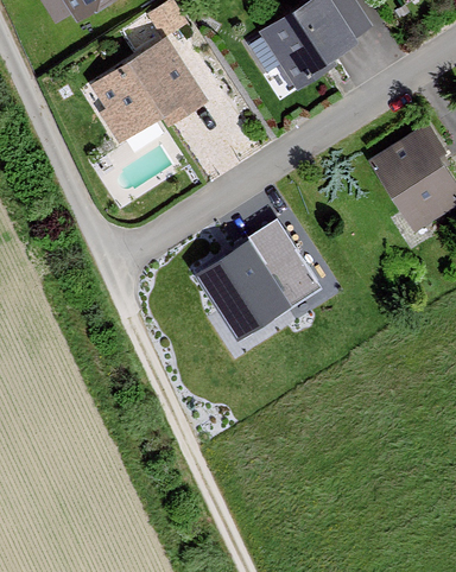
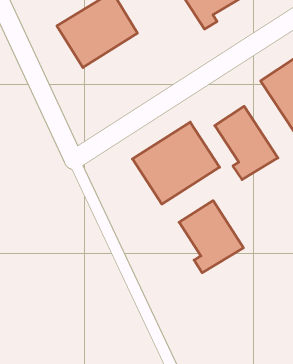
building: none -> [215,106,278,180]
building: none -> [179,201,243,273]

